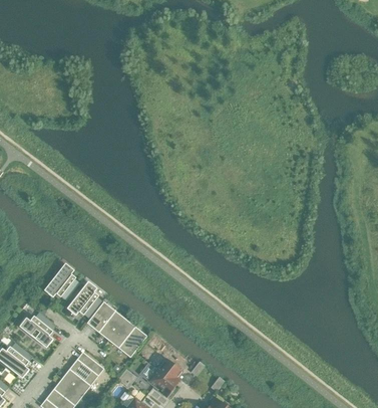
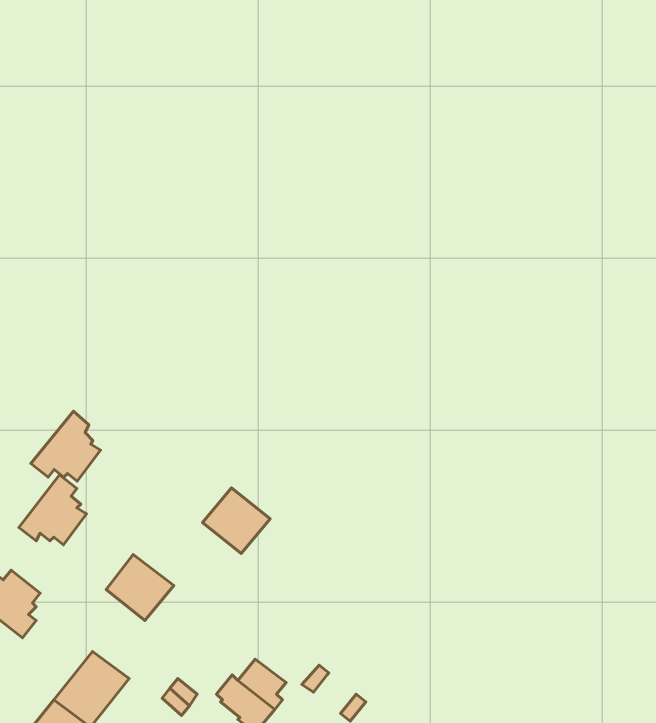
building: [65,281,101,318] -> [31,411,101,481]
building: [108,321,143,355] -> [202,488,270,554]

